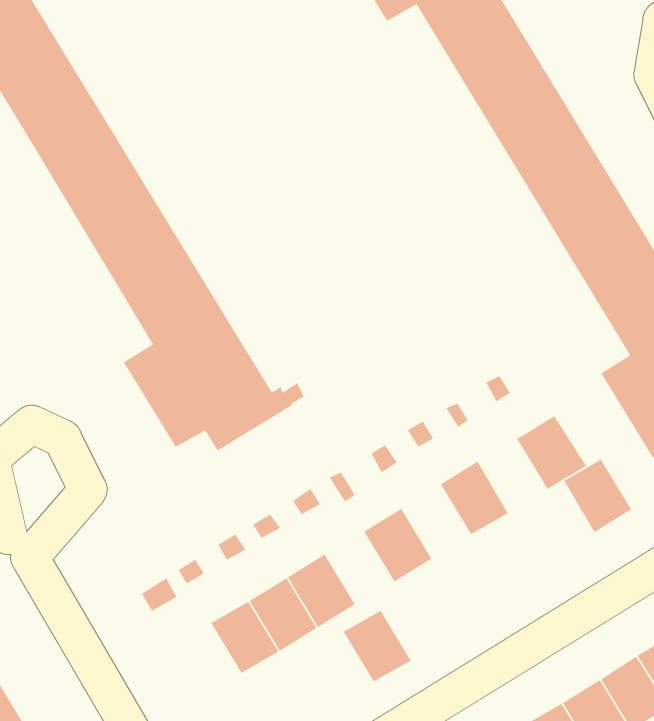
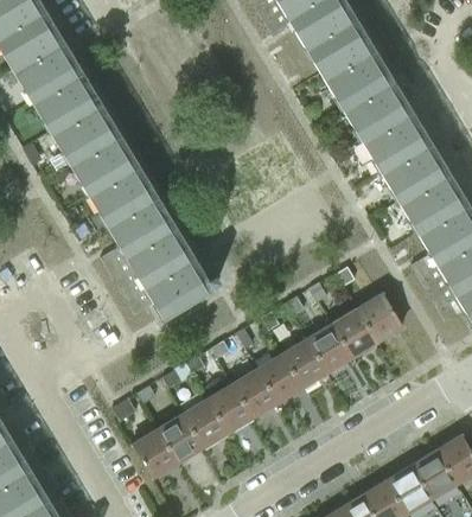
building: [563,459,632,533] -> [334,308,379,357]
building: none -> [285,338,330,387]
building: [342,610,412,683] -> [235,369,280,416]
building: none -> [134,428,180,478]

